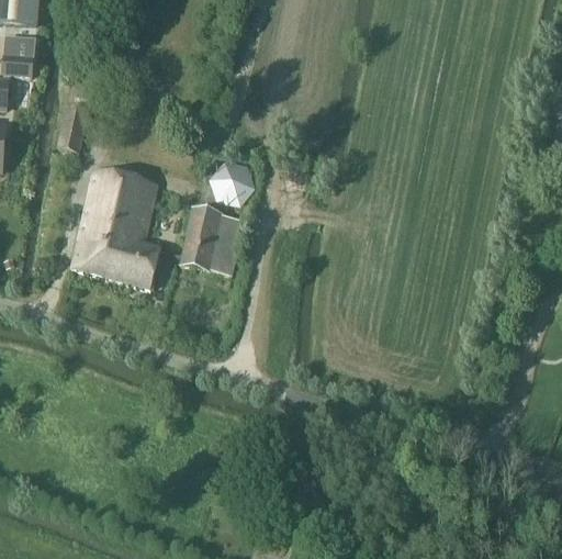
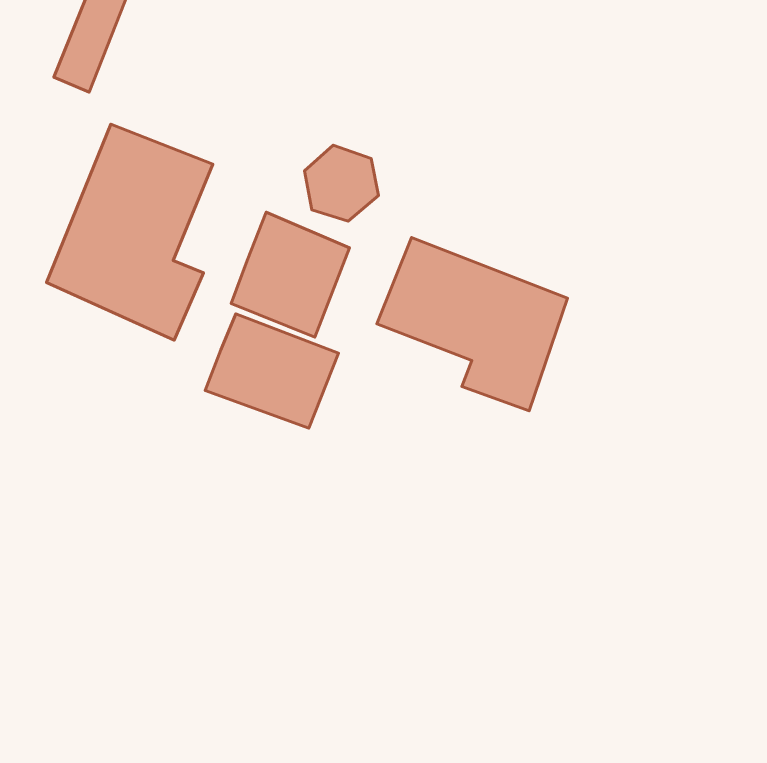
building: none -> [377,238,567,411]
building: none -> [205,314,338,428]

